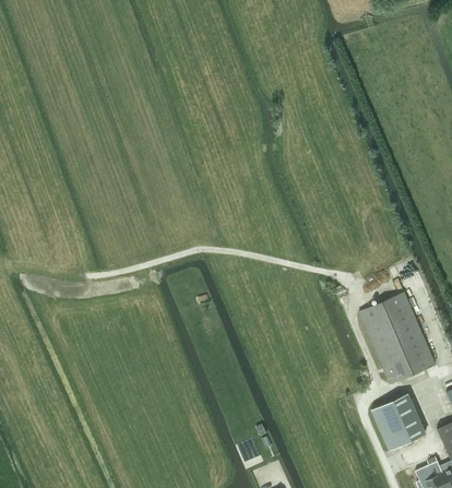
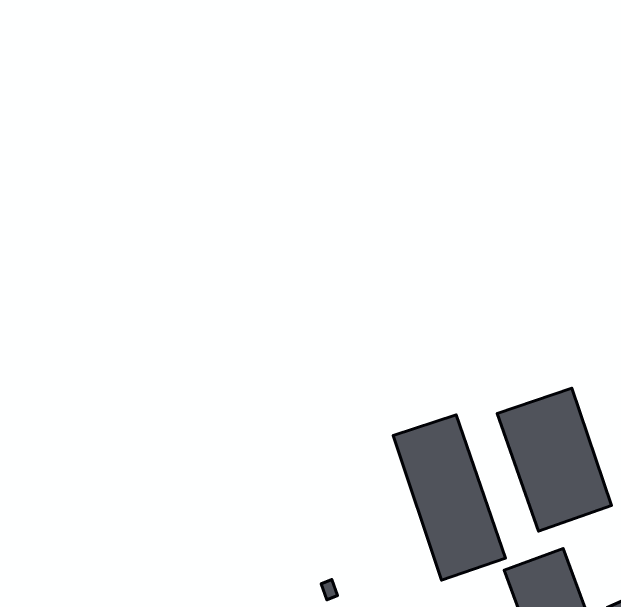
building: none -> [393,415,505,580]

